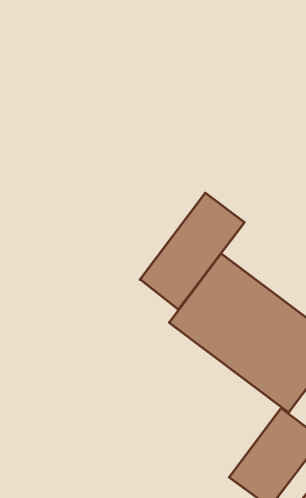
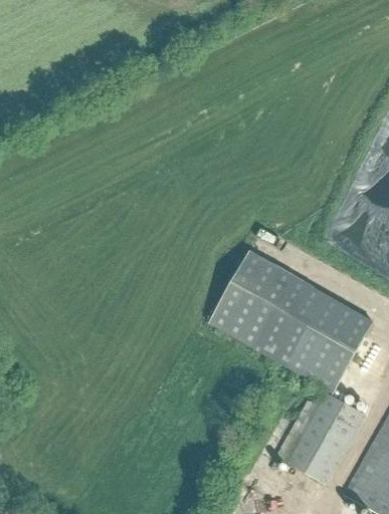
building: [140,193,244,309] -> none

